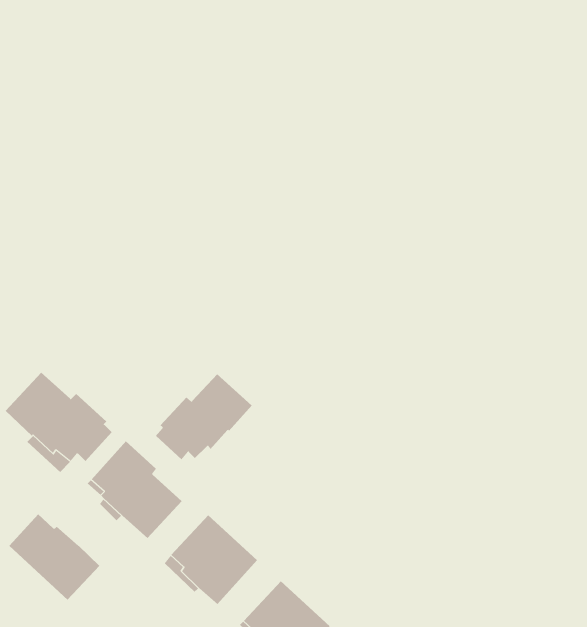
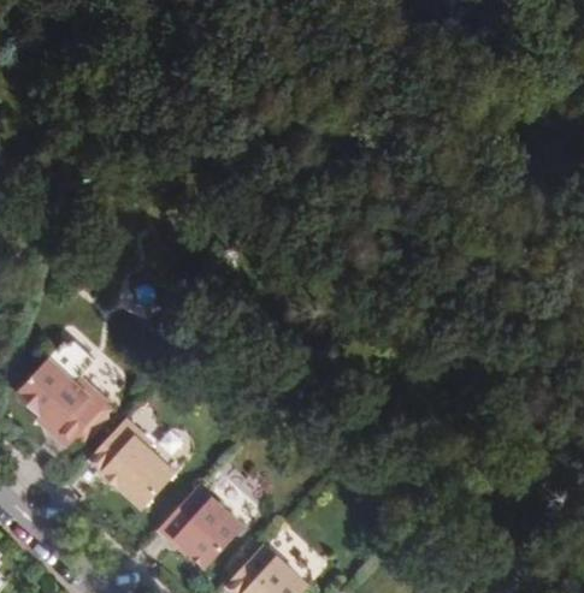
building: [155,373,252,460] -> none
building: [9,513,100,600] -> none

